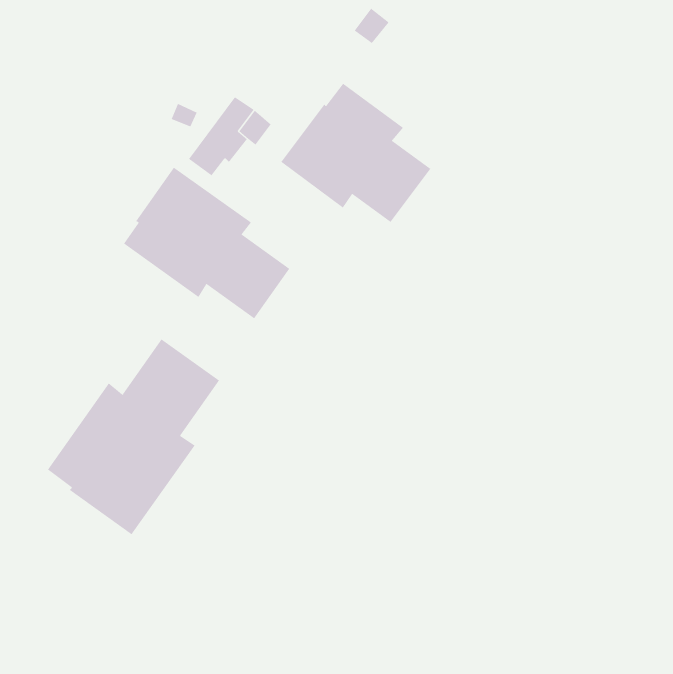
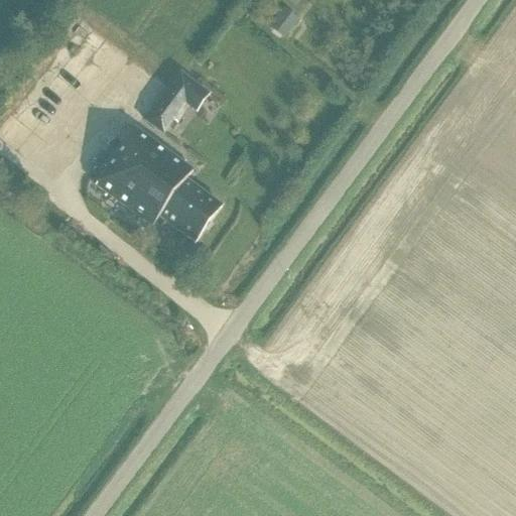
building: [281,83,431,223] -> none
building: [47,338,220,535] -> none

